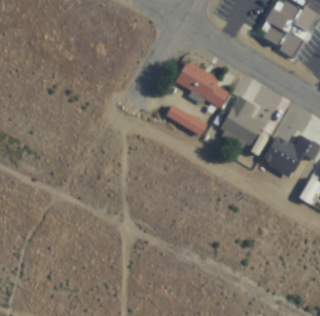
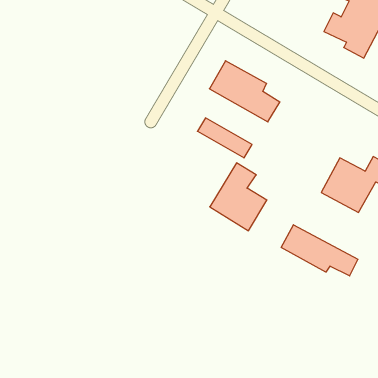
building: [219,94,263,147] -> [210,163,267,231]
building: none -> [281,225,358,276]

